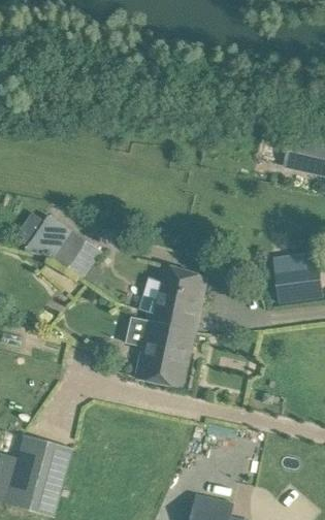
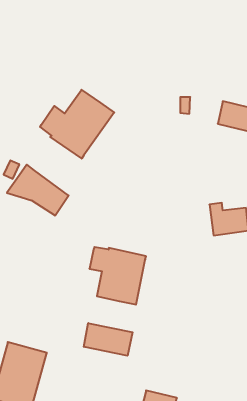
building: none -> [40,90,114,159]
building: [140,267,204,327] -> none
building: none -> [84,323,133,356]

